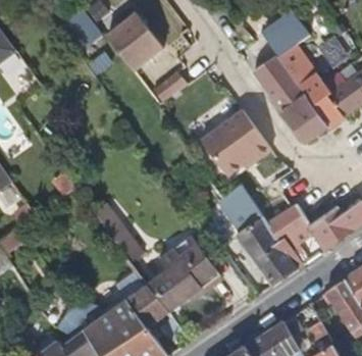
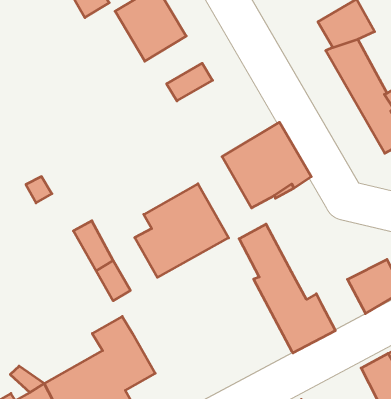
building: [250,53,325,144] -> none
building: [264,205,306,248] -> none
building: [148,239,219,313] -> [135,184,229,277]

